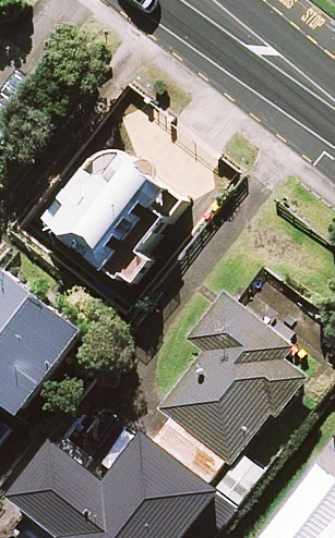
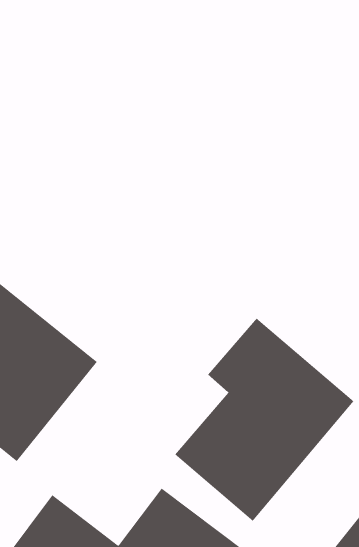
building: [41,143,181,284] -> none

